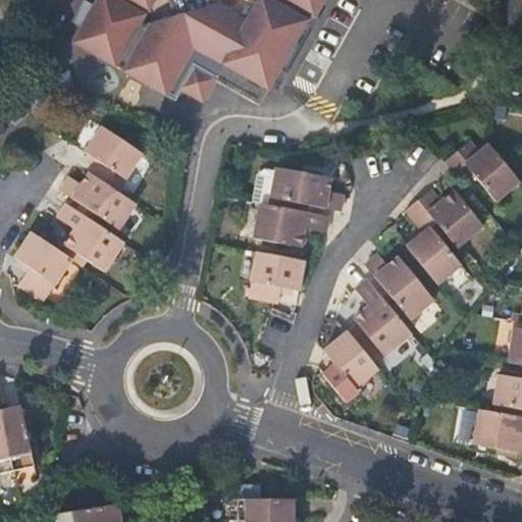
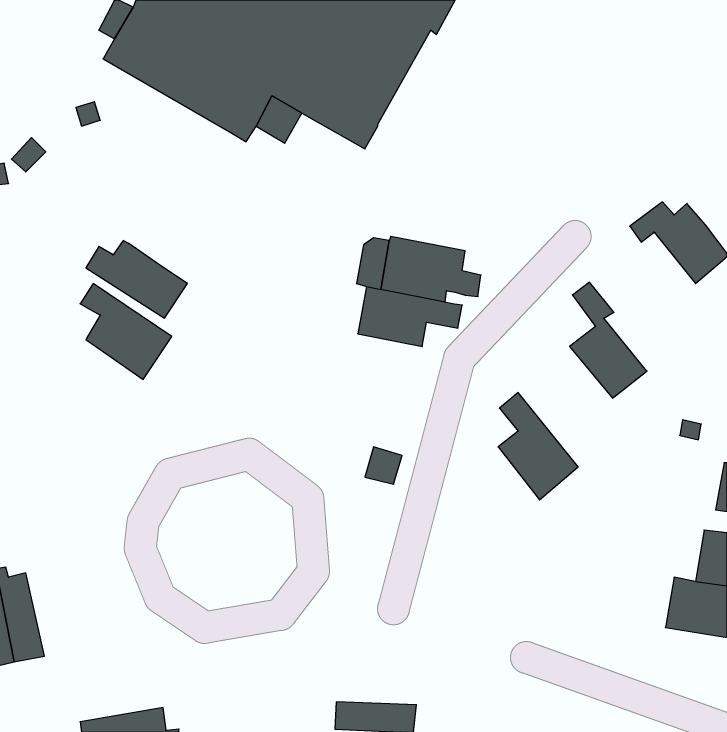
building: [86,126,141,190] -> none
building: [420,191,483,248] -> none
building: [16,231,71,301] -> none
building: [249,251,305,303] -> none
building: [367,256,434,319] -> none
building: [324,332,379,398] -> none

